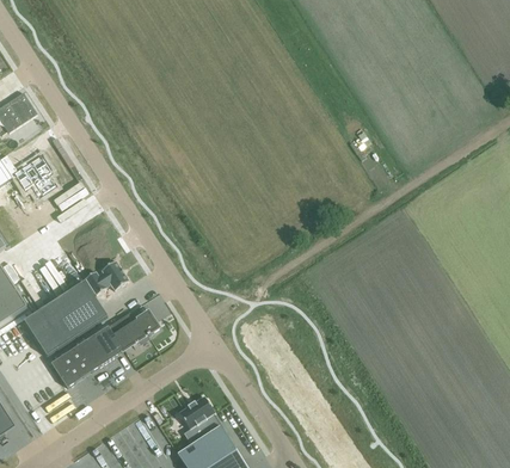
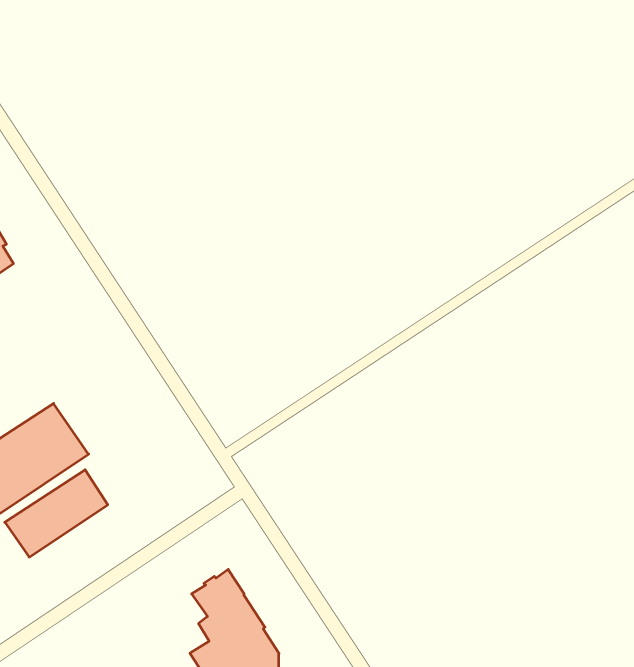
building: [85,259,128,294] -> none
building: [105,308,158,350] -> none

